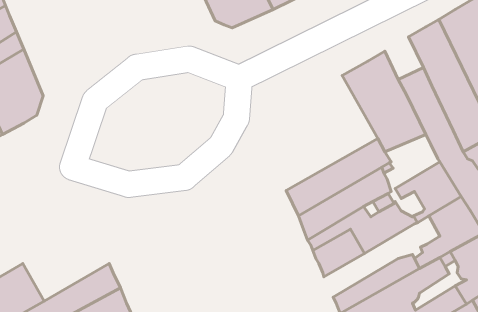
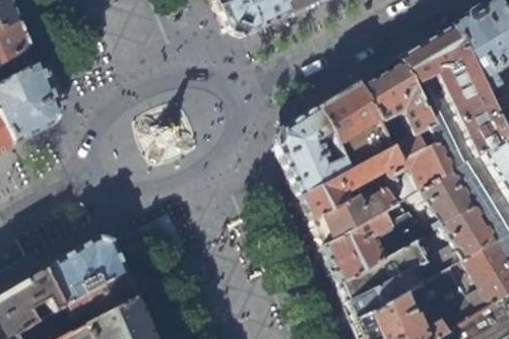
building: none -> [398,45,437,87]
building: none -> [279,83,391,198]
building: none -> [398,142,453,199]
building: none -> [337,231,440,304]
building: none -> [37,240,123,309]

